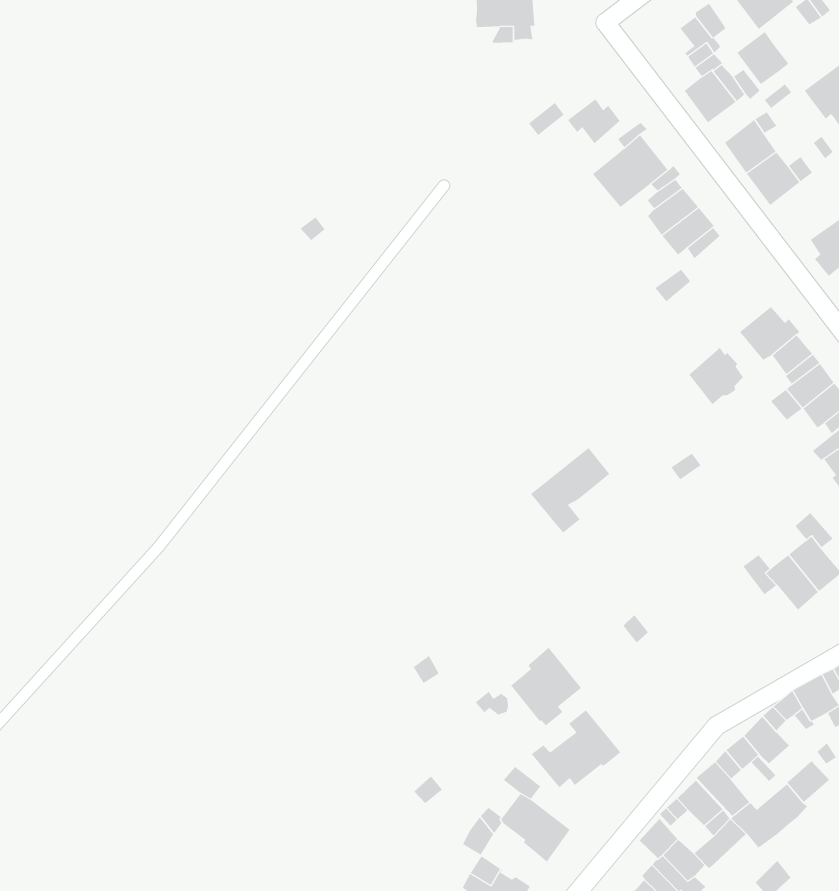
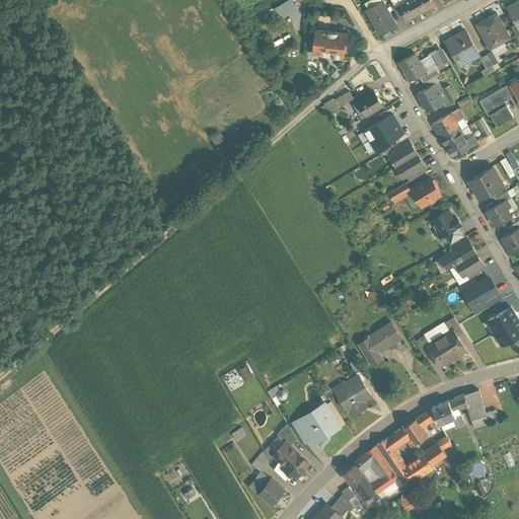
building: [737,31,789,85] -> [398,53,425,80]
building: [688,347,744,405] -> [412,177,440,207]
building: [530,447,610,533] -> [358,323,400,366]
building: [506,647,582,726] -> [332,375,371,416]

